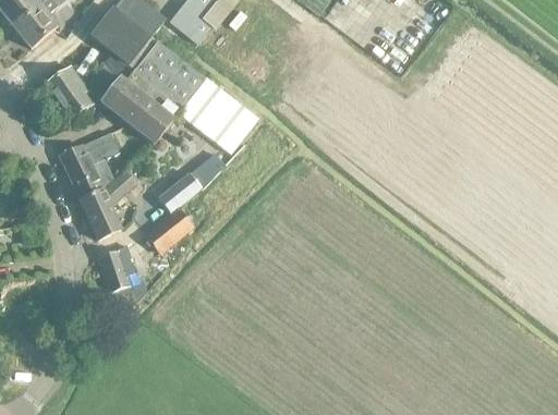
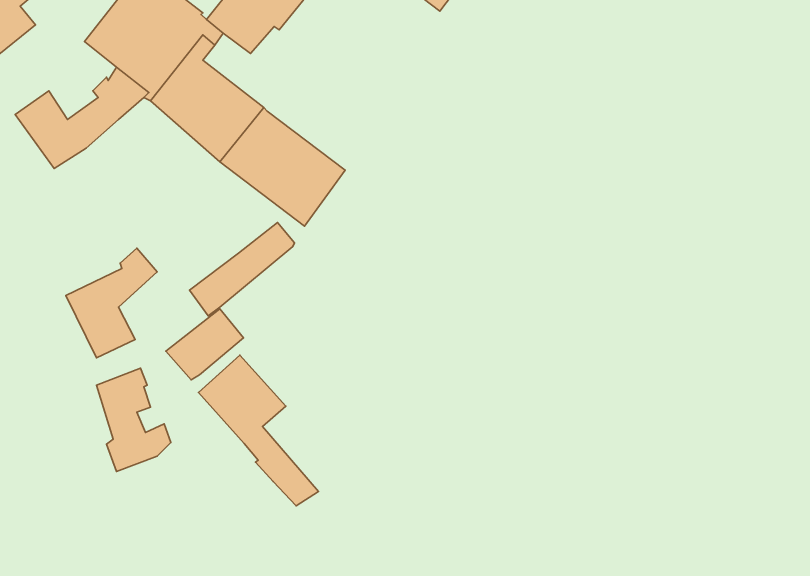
building: [99,71,177,144] -> none
building: [58,132,119,198] -> none
building: none -> [198,355,318,506]

